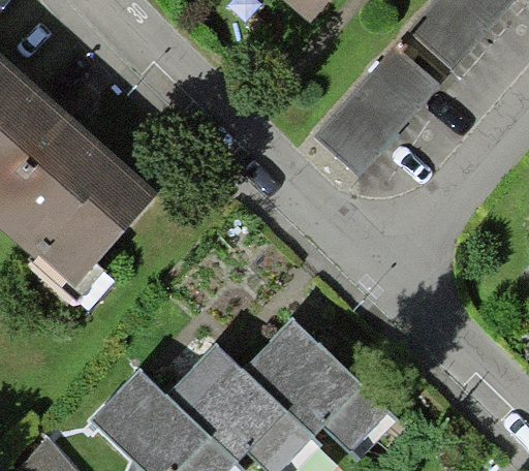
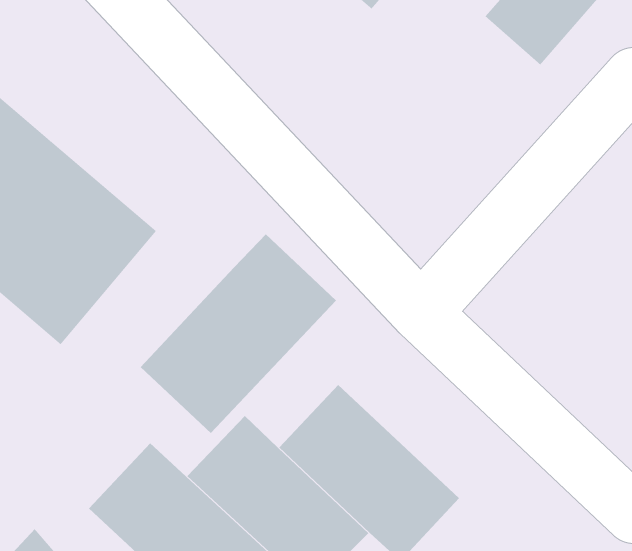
building: [317,42,441,171] -> none
building: none -> [140,234,337,434]

